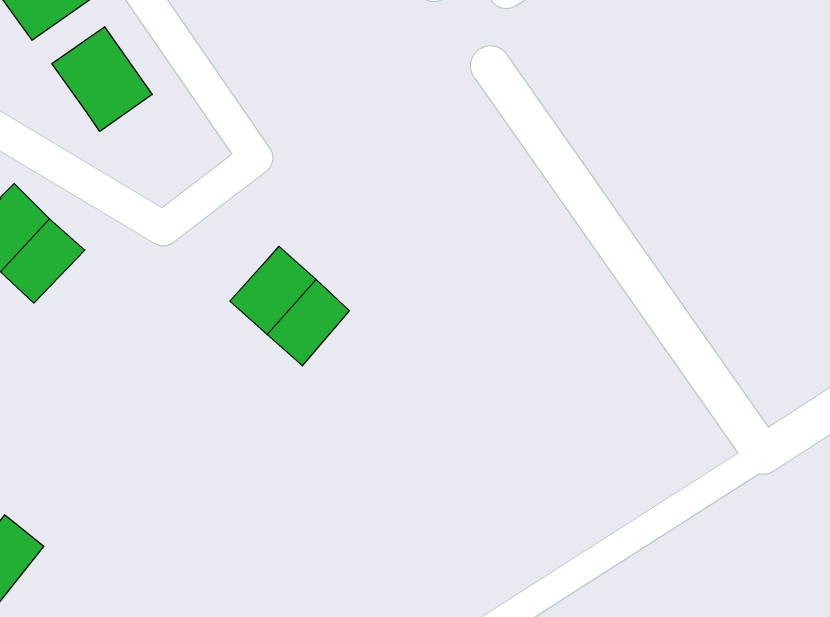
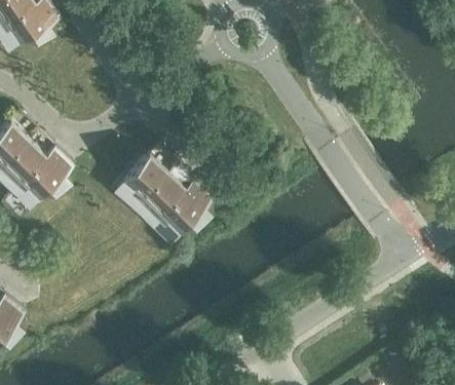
building: [52,27,152,131] -> none
building: none -> [20,150,74,204]
building: none -> [160,181,214,236]

